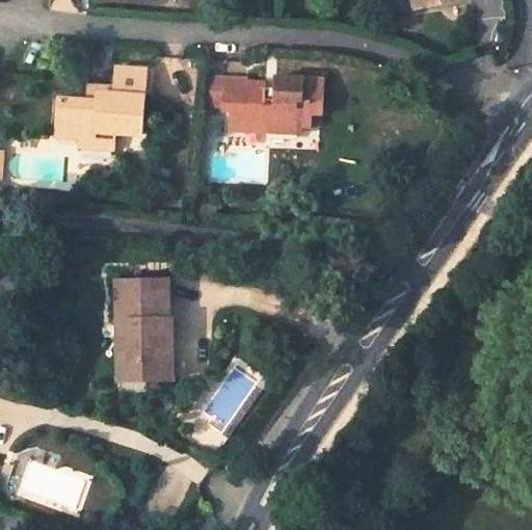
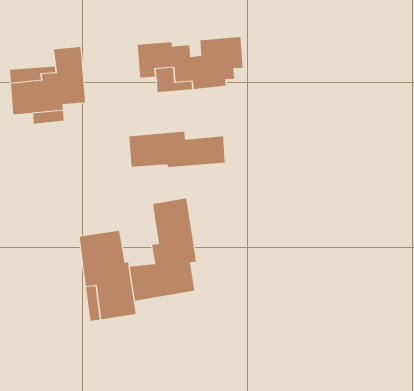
building: none -> [129,131,225,168]
building: none -> [129,198,196,301]

